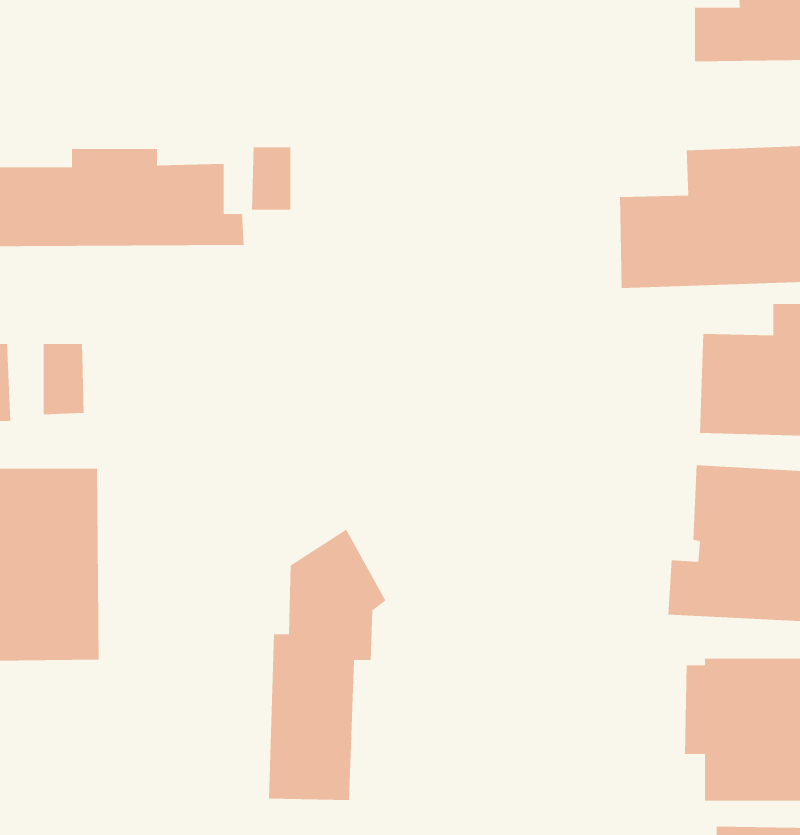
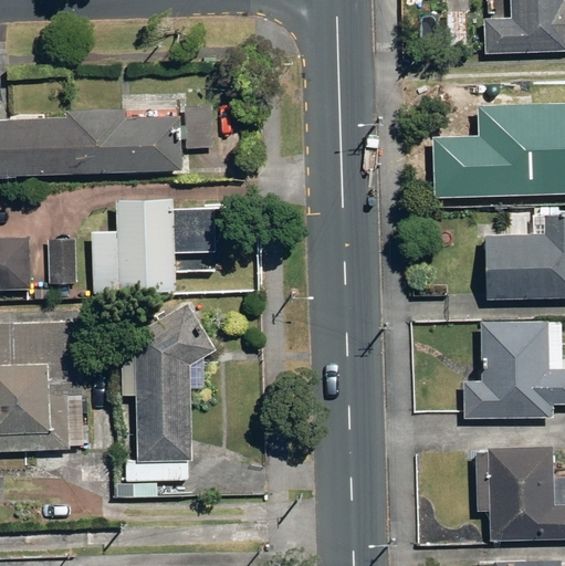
building: none -> [91,198,221,292]
building: [268,529,386,800] -> [135,302,213,482]

